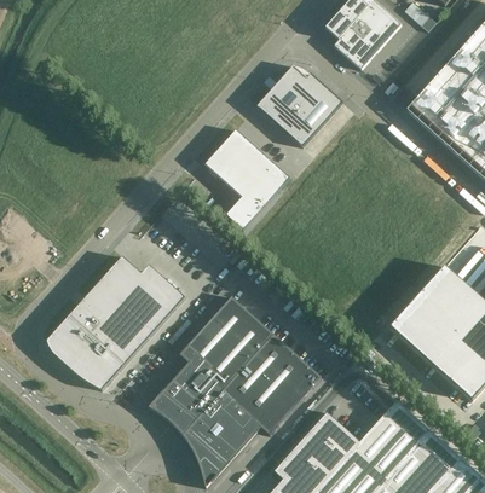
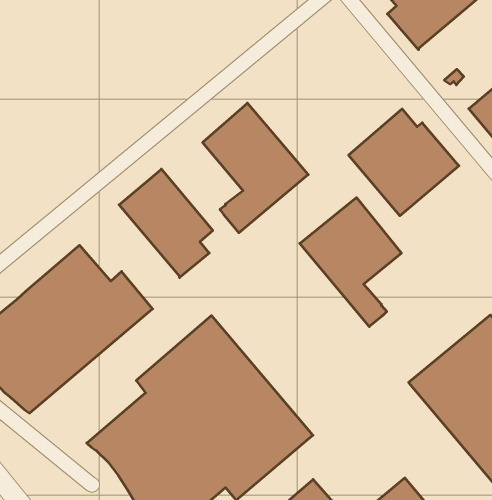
building: [256,64,342,146] -> [349,109,459,216]
building: none -> [119,169,213,278]
building: none -> [300,198,401,327]

